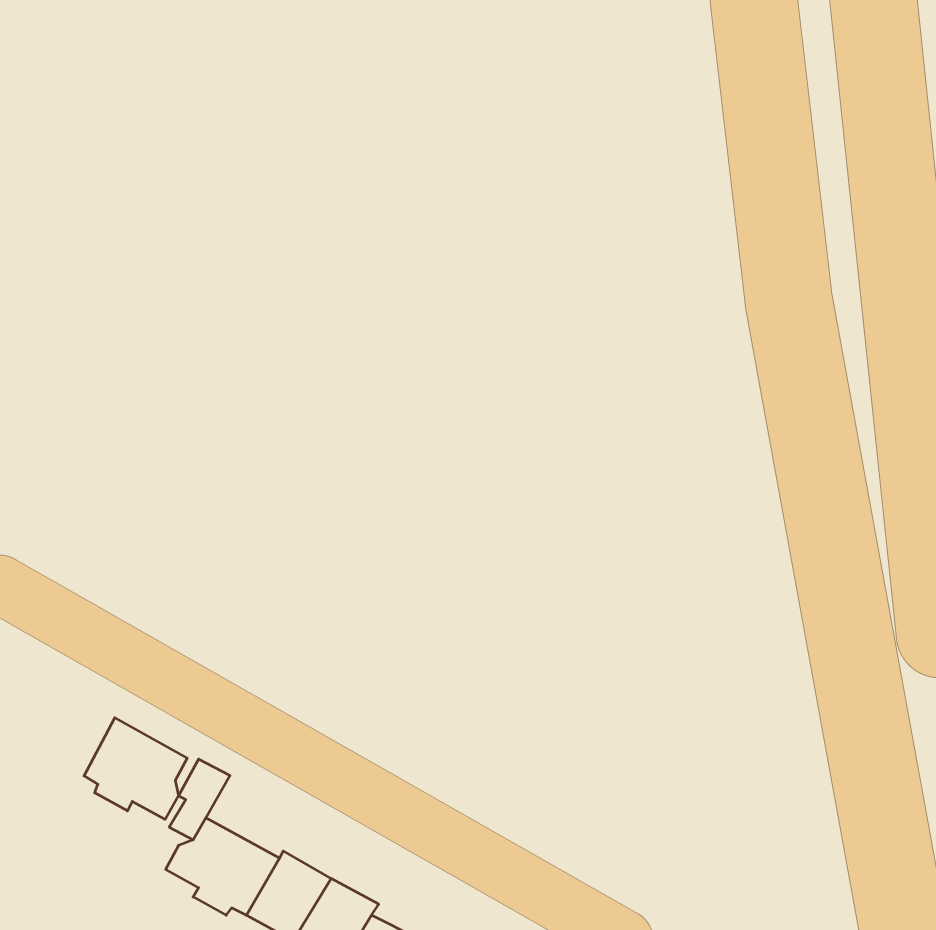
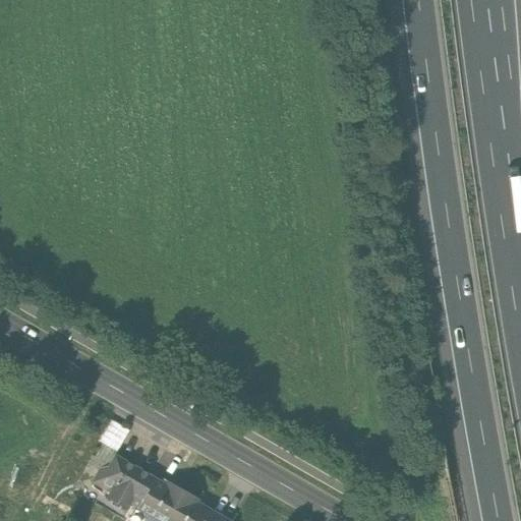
building: [84,718,187,819] -> none

